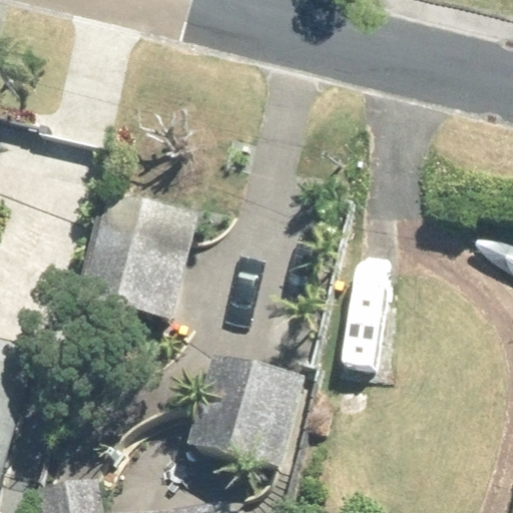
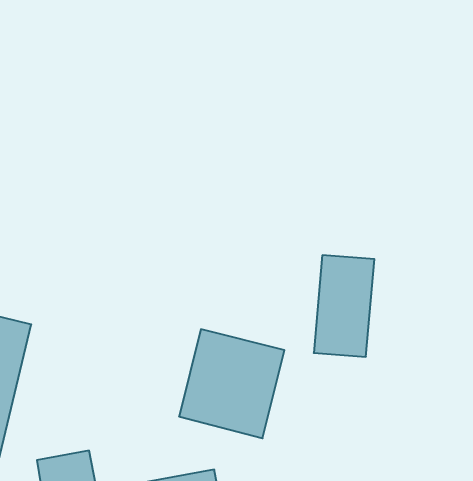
building: [79,227,183,318] -> none

